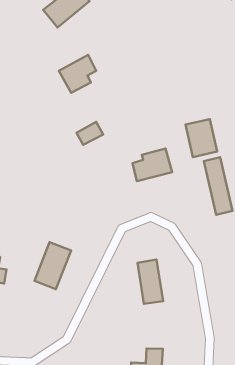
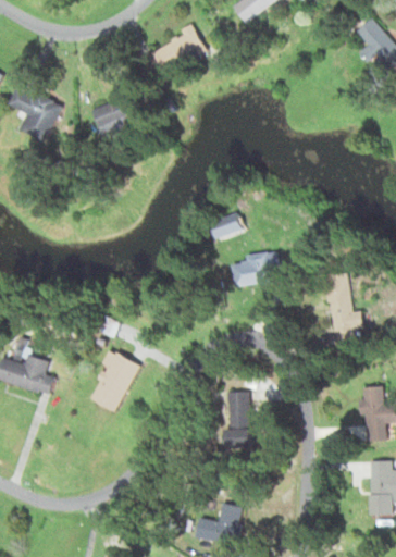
building: [59,55,96,93] -> [89,95,137,140]
building: [185,119,217,157] -> none
building: [76,122,103,145] -> [211,212,245,239]

